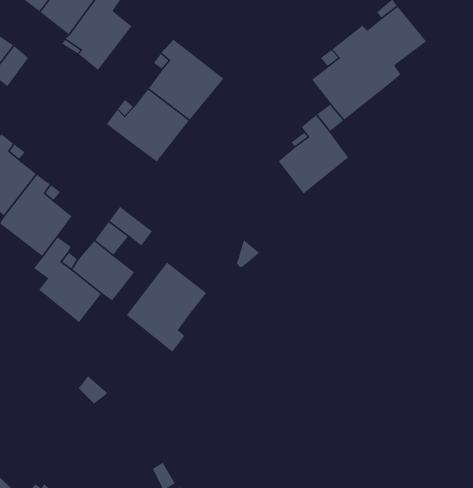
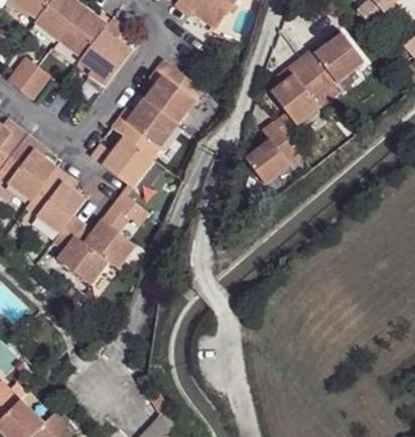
building: none -> [89,137,151,188]
building: [126,261,207,353] -> none

